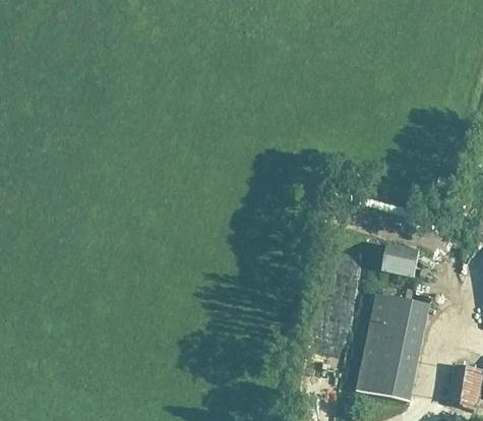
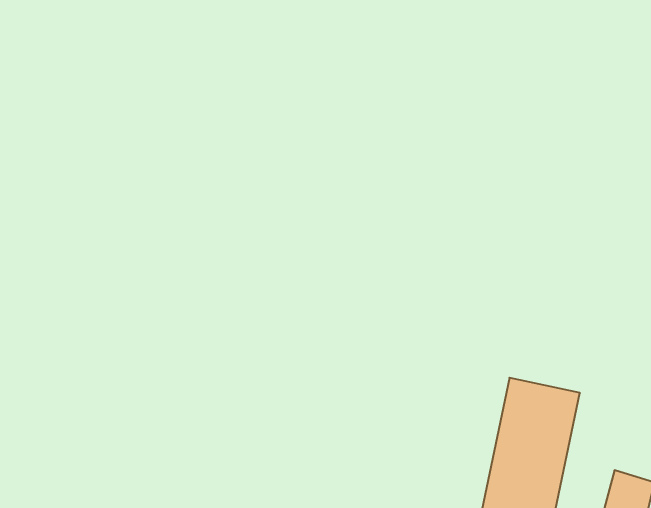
building: [381,243,419,278] -> none

